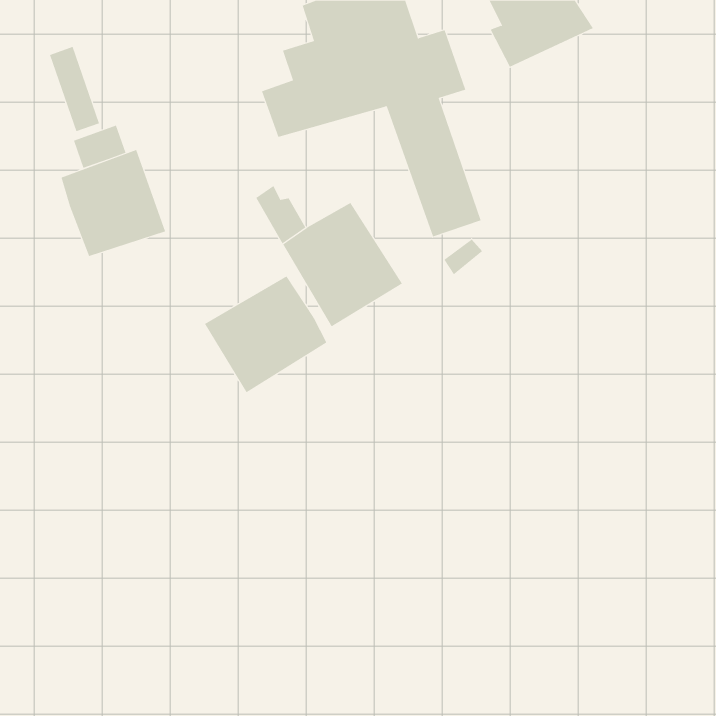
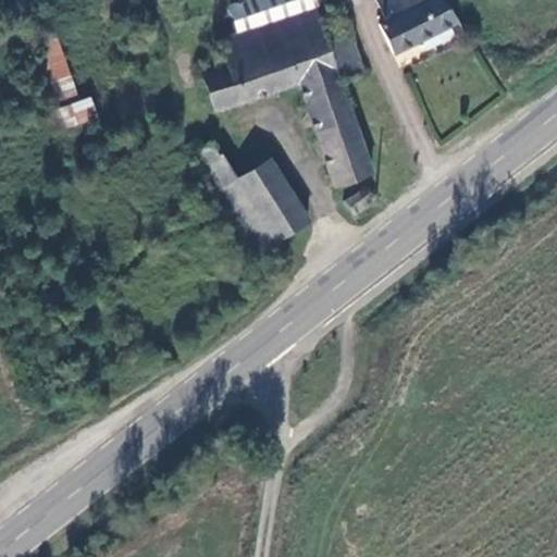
building: [61,149,166,257] -> none
building: [204,276,327,393] -> none

